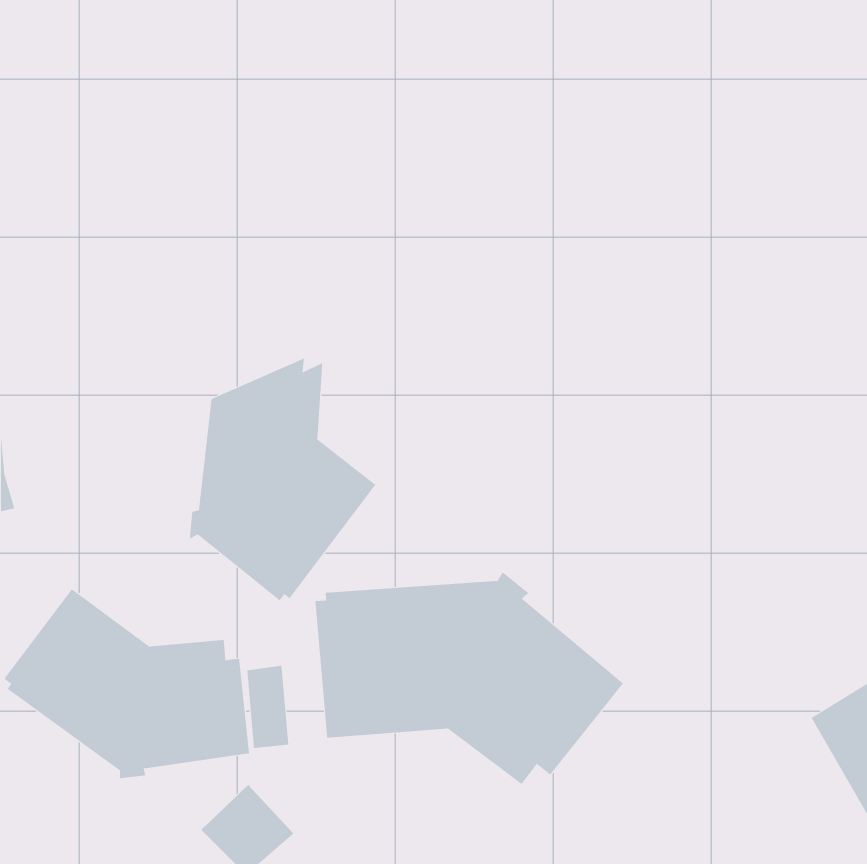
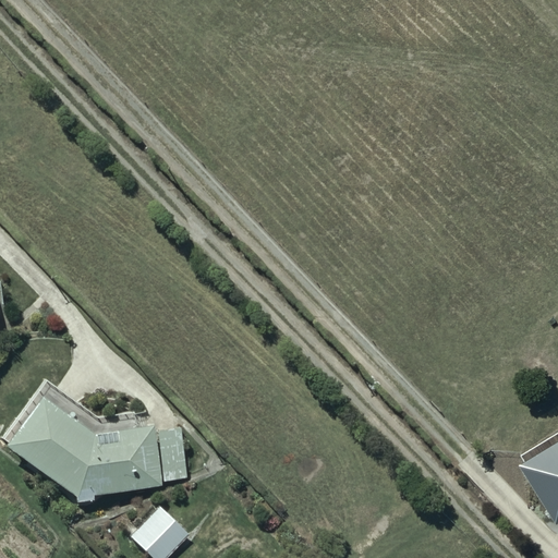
building: [189,357,376,601] -> none
building: [315,571,624,785] -> none

